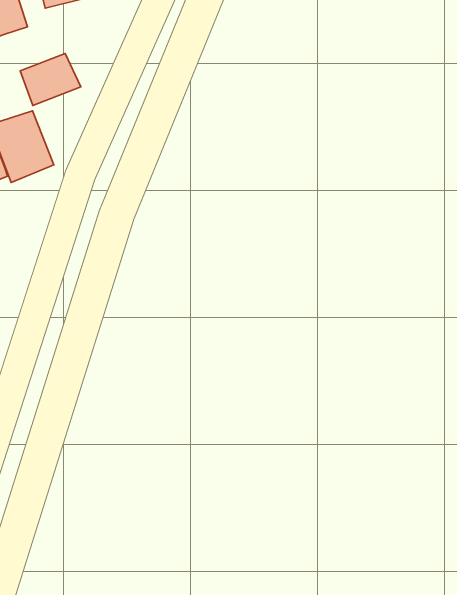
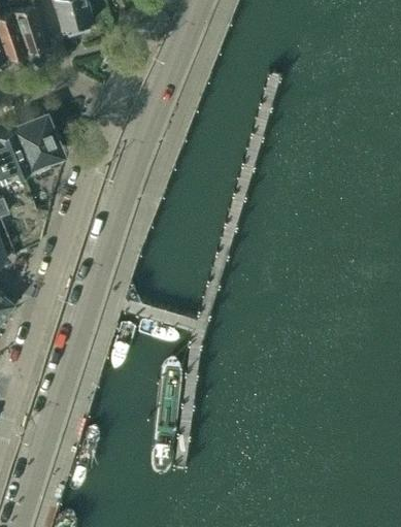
building: [20,53,81,106] -> none

